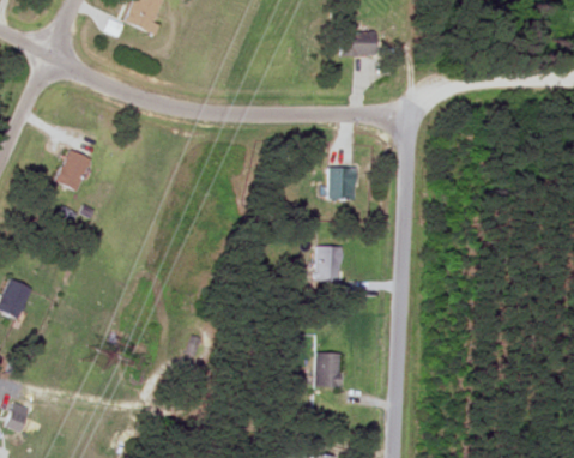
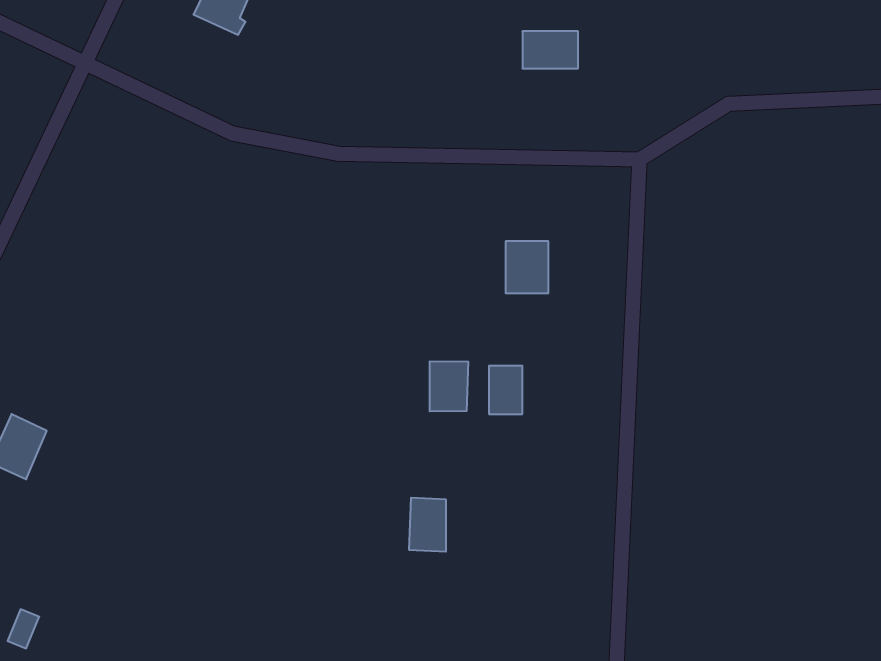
building: [54,149,91,192] -> none
building: none -> [430,361,468,411]
building: [315,351,339,386] -> [409,498,446,552]

